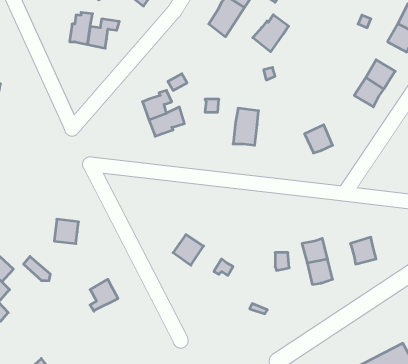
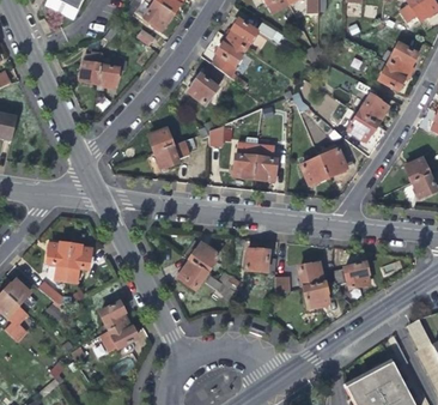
building: [253,15,289,52] -> [188,69,221,104]
building: none -> [255,144,276,179]
building: none -> [320,145,354,176]
building: none -> [185,240,219,271]
building: none -> [48,242,69,284]
building: none -> [245,249,276,271]
building: none -> [99,320,135,351]

